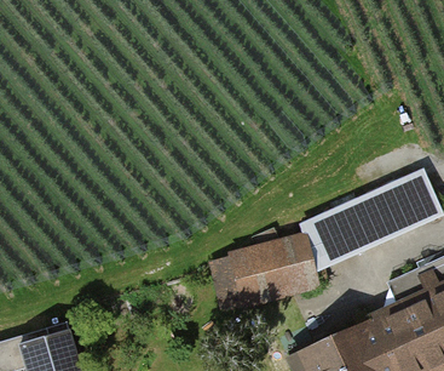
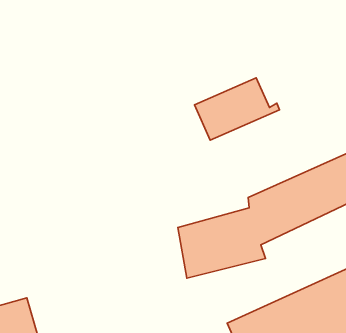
building: none -> [195,78,280,140]

